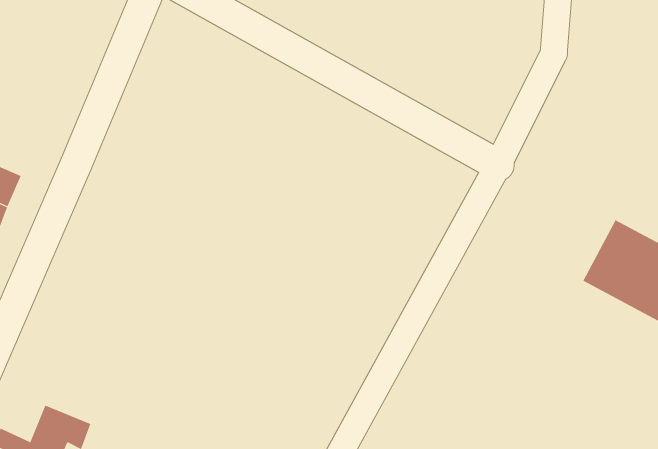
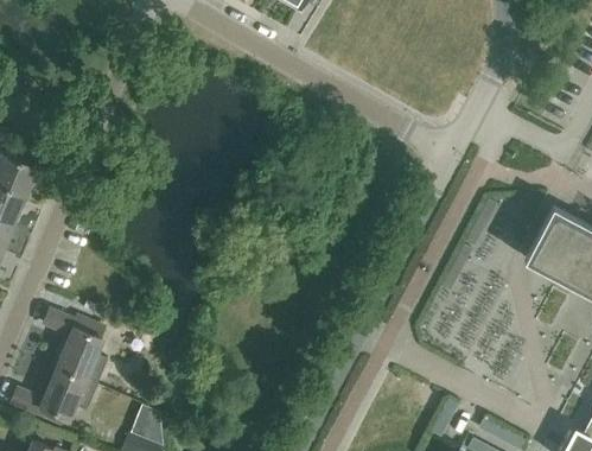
building: none -> [44,310,107,386]

